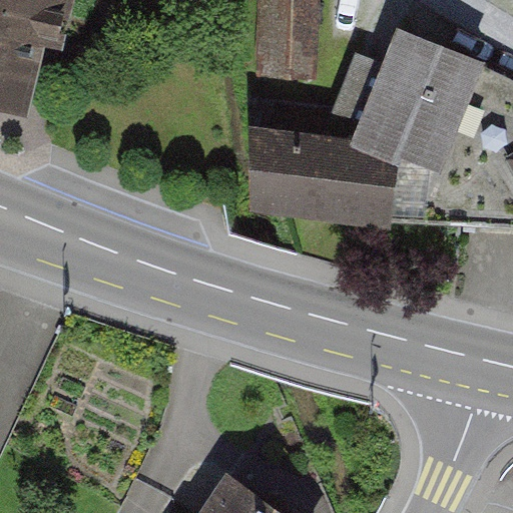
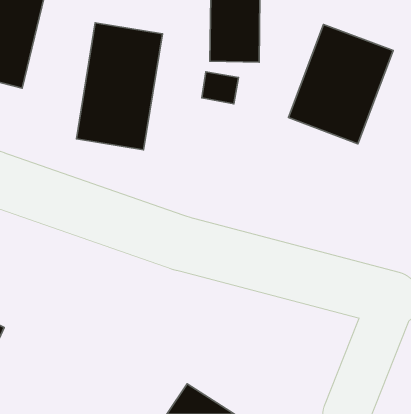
building: none -> [76,23,162,150]
building: [248,125,384,231] -> none

